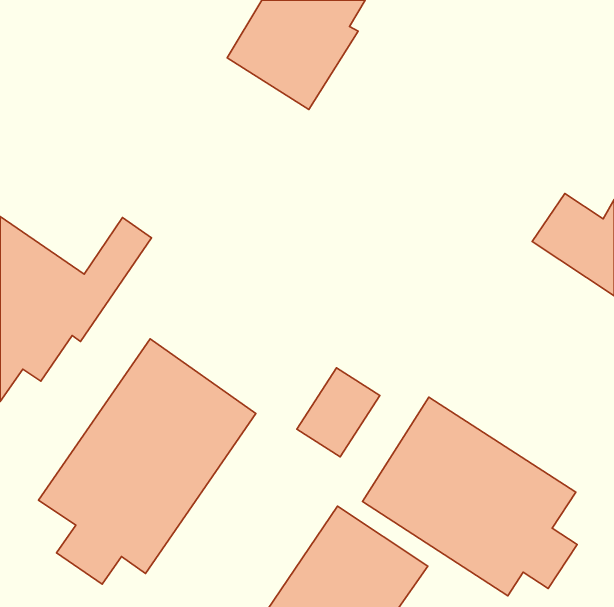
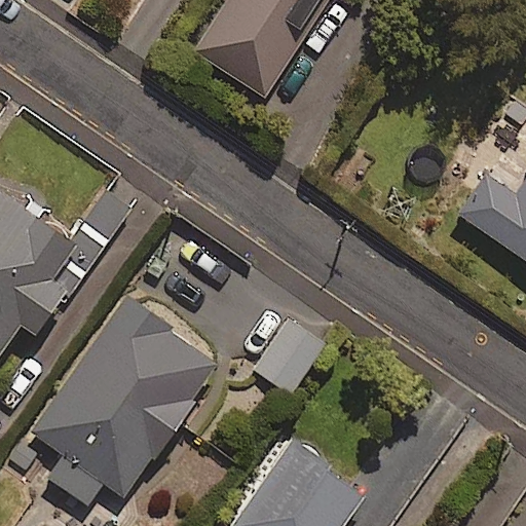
building: [363,397,577,596] -> none

